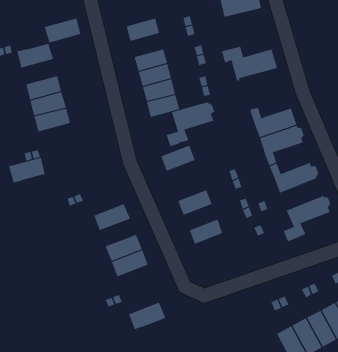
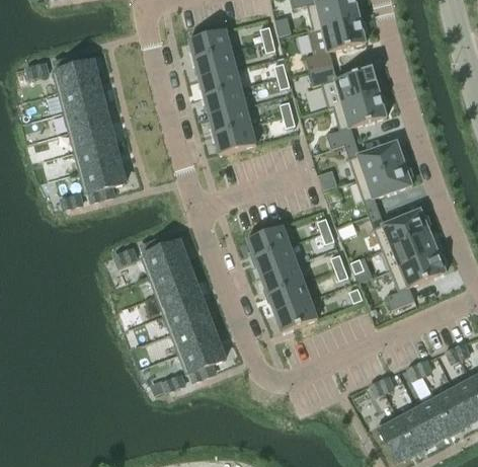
building: none -> [305,16,368,70]
building: [44,18,81,43] -> [58,80,104,111]
building: none -> [194,48,237,77]
building: [166,102,215,147] -> [326,91,388,148]
building: [161,145,195,172] -> [247,224,291,257]
building: [8,157,46,183] -> [79,160,126,192]
building: none -> [382,229,437,269]
building: none -> [141,240,187,276]
building: none -> [261,261,305,294]
building: none -> [156,280,203,314]
building: none -> [275,298,319,331]
building: [128,302,166,330] -> [178,337,226,373]

